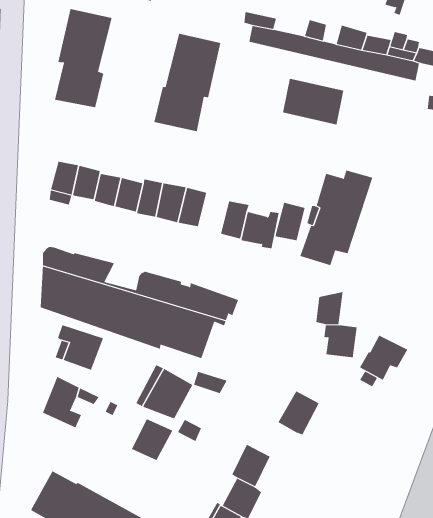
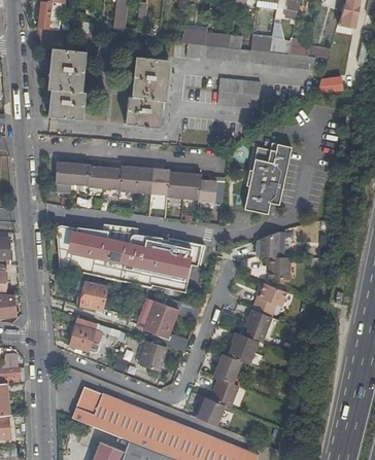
building: [275,202,305,241] -> [168,172,187,199]
building: [359,335,408,381] -> [253,280,287,313]
building: none -> [228,328,258,359]

